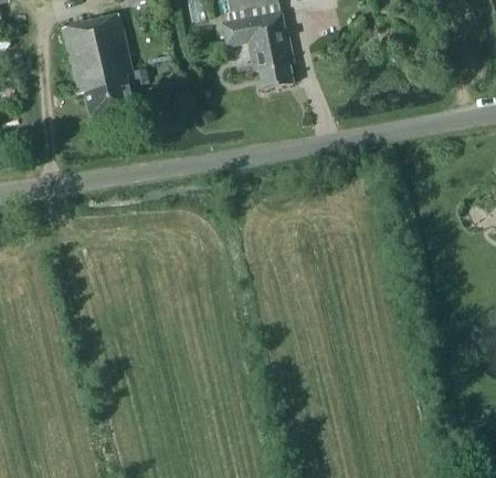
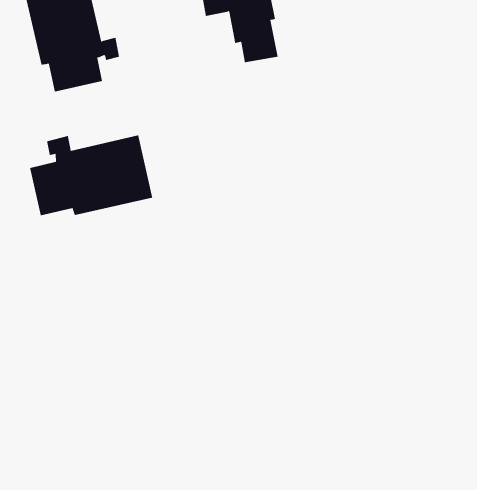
building: none -> [29,134,153,216]

